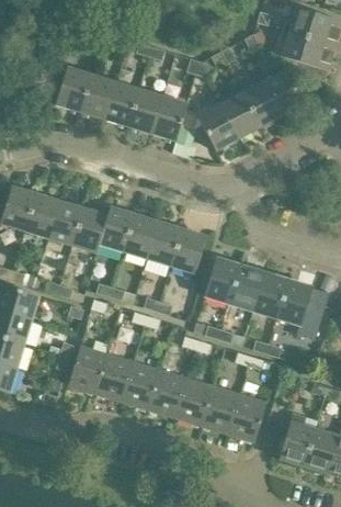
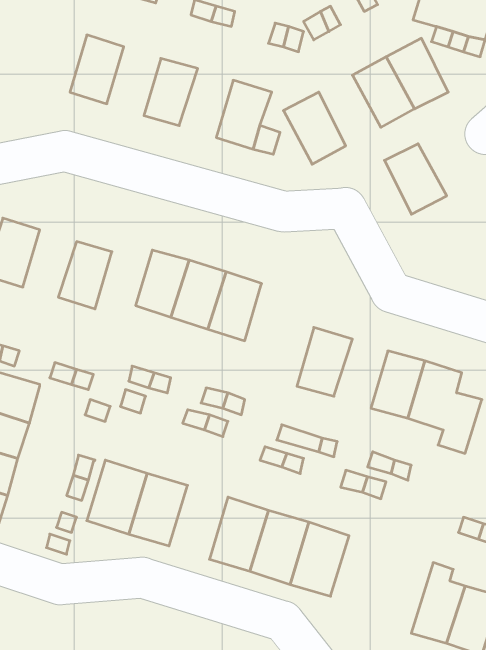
building: [81,75,116,120] -> none
building: [128,89,163,134] -> none
building: [219,93,260,139] -> [384,144,447,214]
building: [26,194,61,238] -> none
building: [73,206,111,254] -> none
building: [171,229,206,273] -> none
building: [229,266,264,311] -> none
building: [122,361,160,409] -> none
building: [227,394,266,441] -> none

